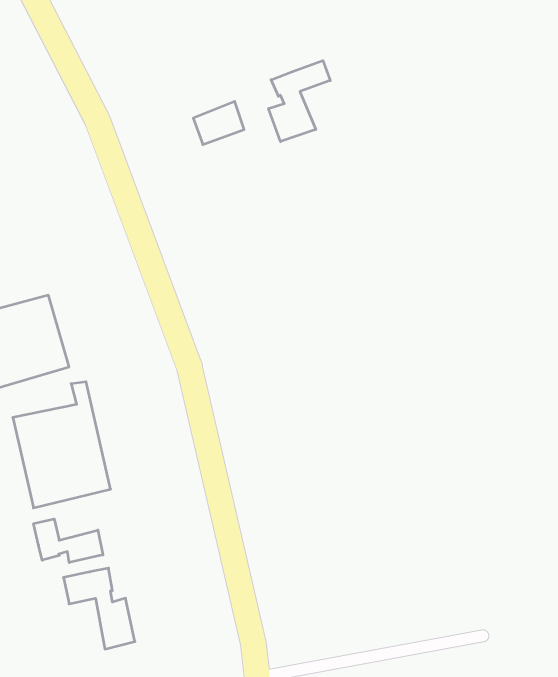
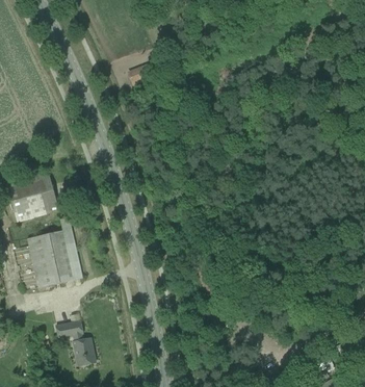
building: [269,61,330,142] -> none
building: [34,519,103,563] -> none

